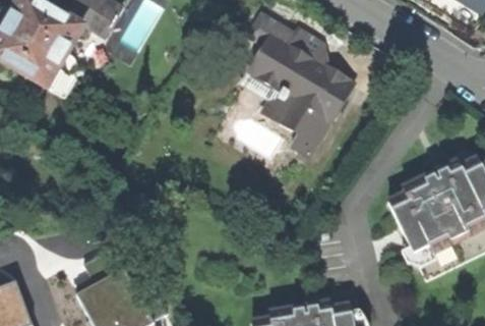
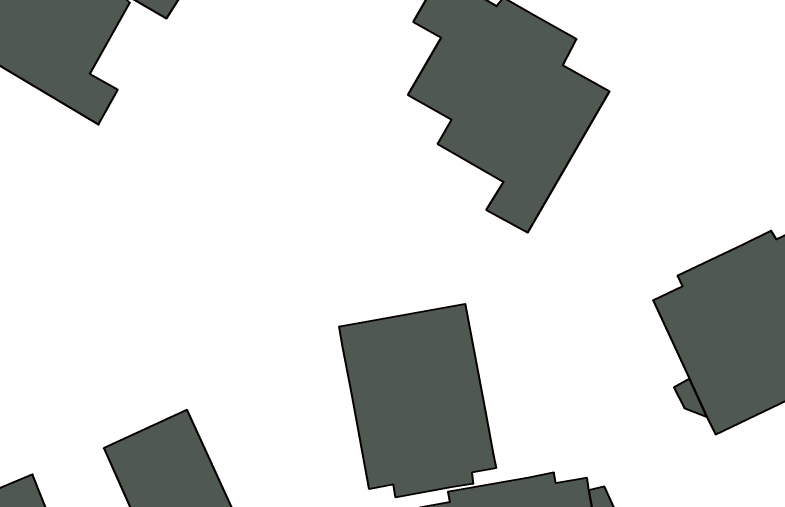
building: none -> [339,304,496,497]

